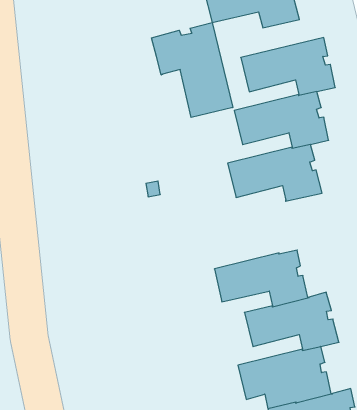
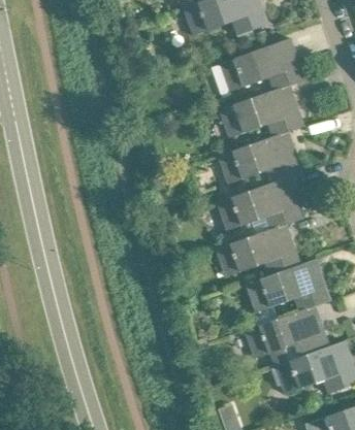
building: [152,23,233,117] -> none
building: none -> [218,178,302,231]

